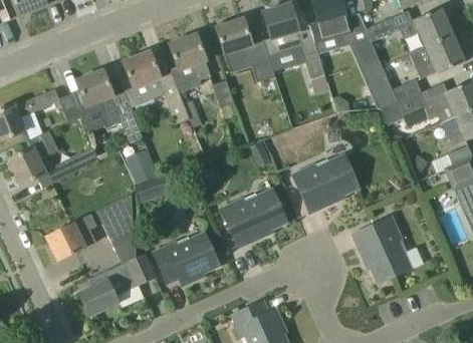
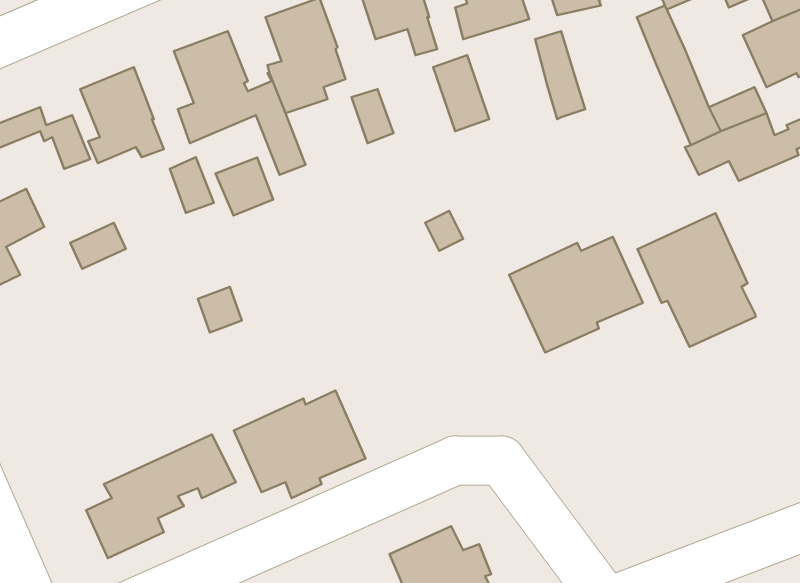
building: [127,154,156,184] -> [215,158,273,216]
building: [220,188,287,248] -> none
building: [102,194,134,244] -> none
building: [45,214,97,261] -> none
building: [351,216,411,283] -> [638,213,755,347]

